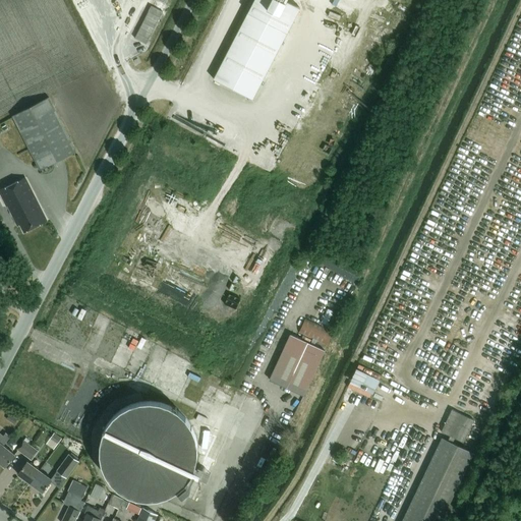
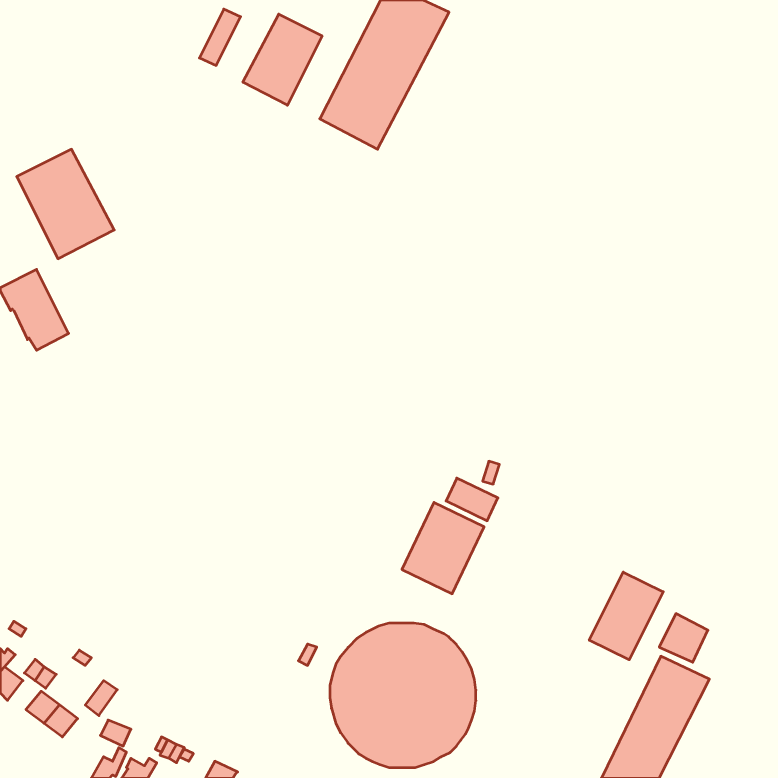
building: none -> [243,14,322,105]
building: none -> [589,572,663,660]
building: [100,403,197,500] -> [330,623,476,768]

